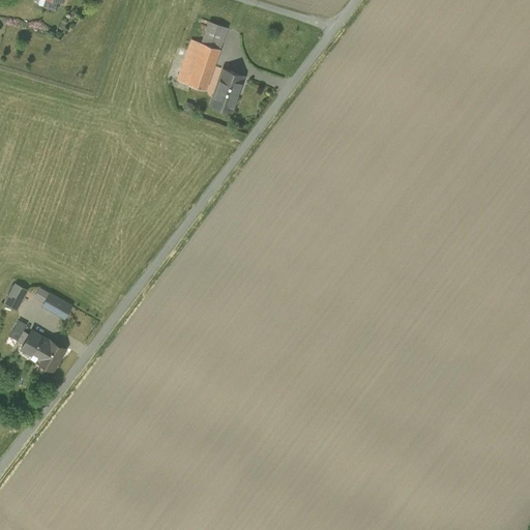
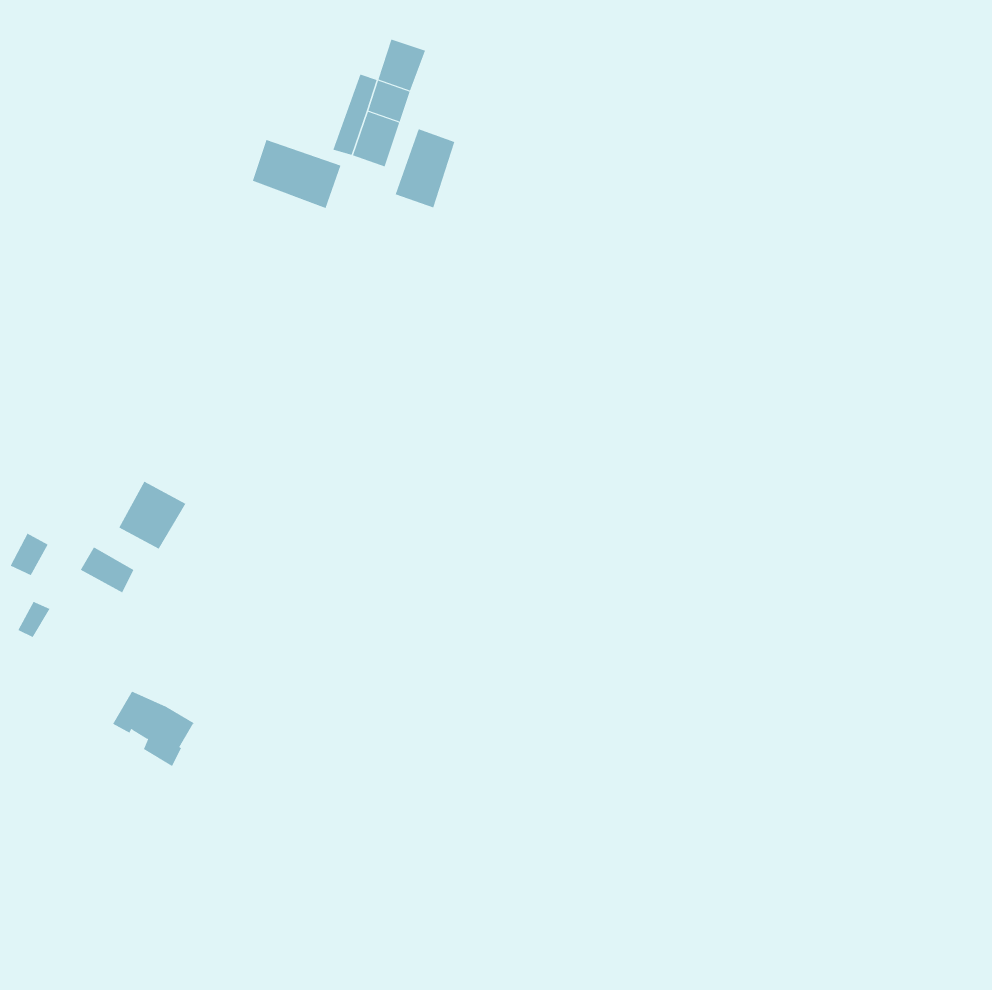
building: none -> [252,139,341,209]
building: none -> [119,481,186,549]
building: [21,332,65,373] -> [112,691,196,767]

